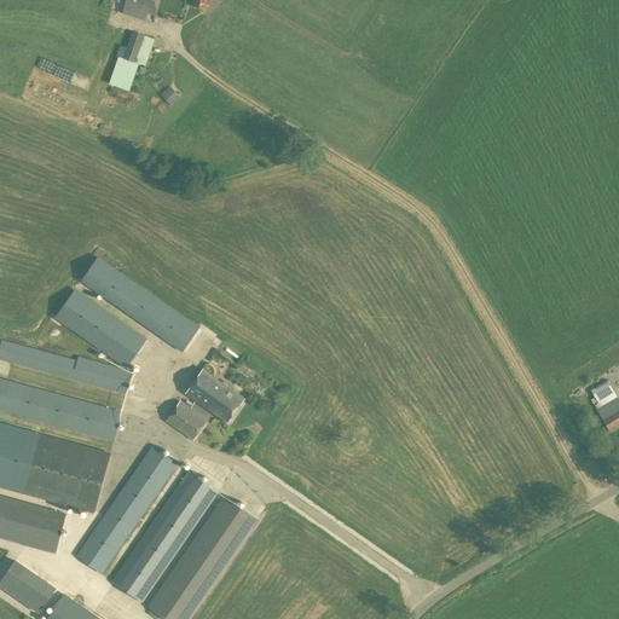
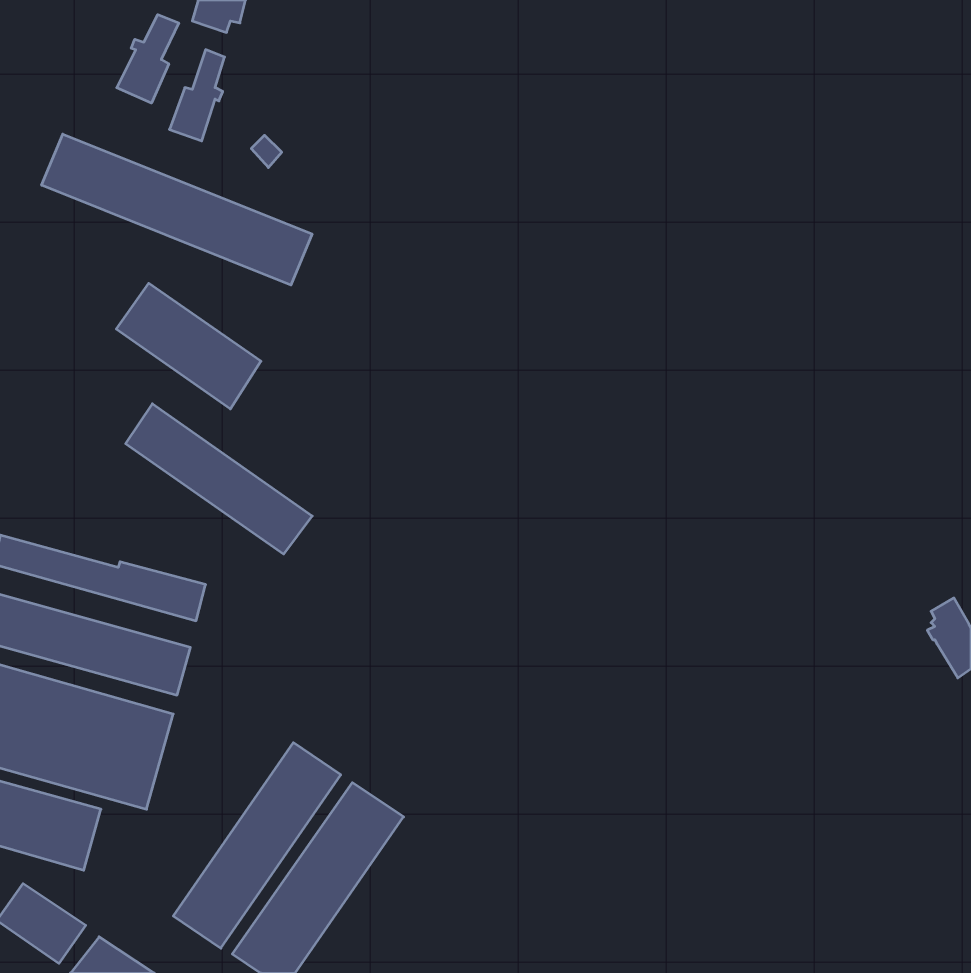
building: none -> [117,15,179,103]
building: none -> [42,134,312,285]
building: [53,289,145,369] -> [116,283,261,409]
building: [185,370,242,422] -> none
building: [163,400,207,441] -> none
building: [74,446,177,574] -> none

